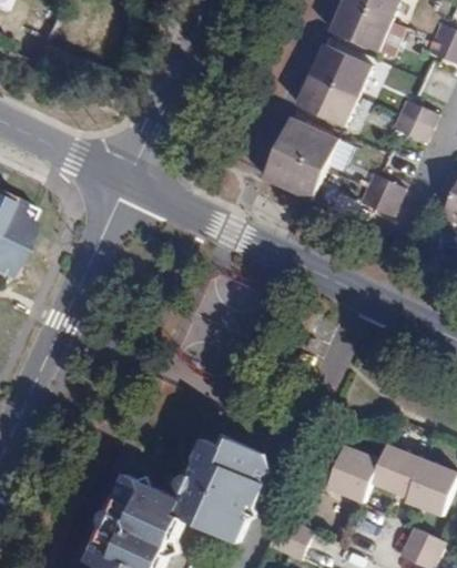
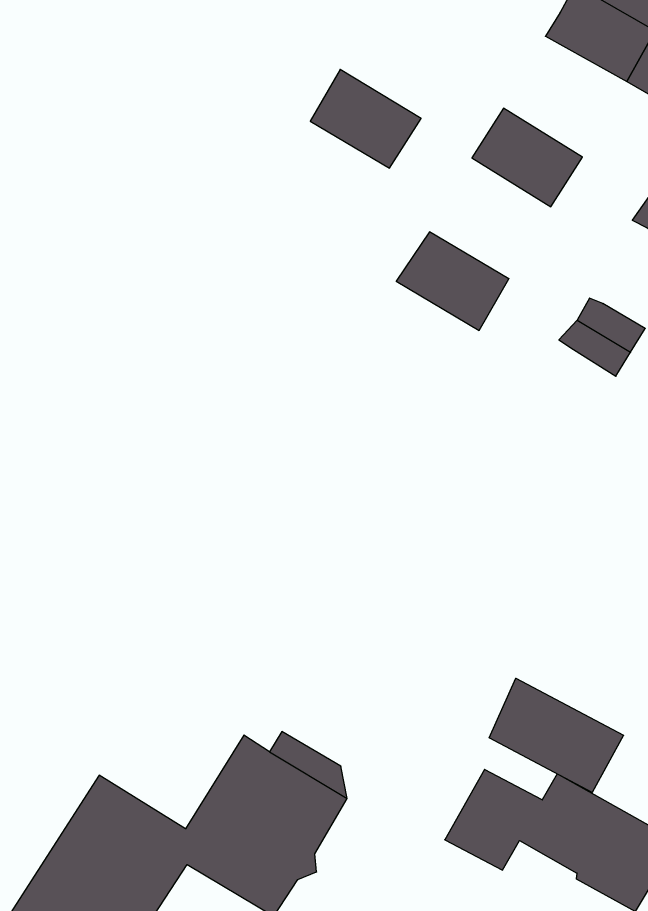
building: [311,43,370,95] -> none
building: [277,116,339,169] -> [310,69,421,168]
building: none -> [489,678,624,793]

